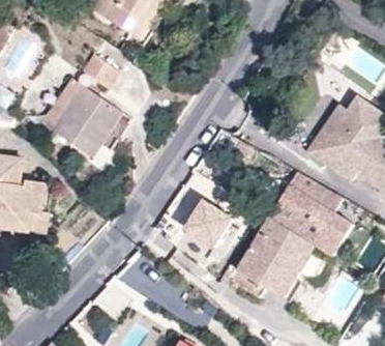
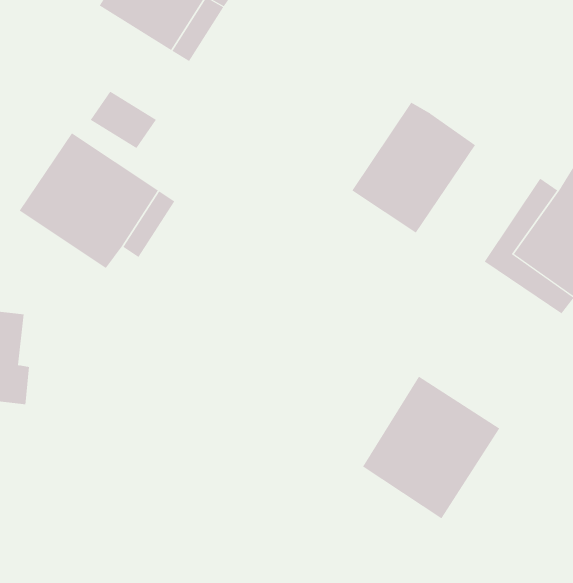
building: none -> [351,102,476,234]
building: [269,174,351,257] -> none
building: [178,198,228,247] -> none

